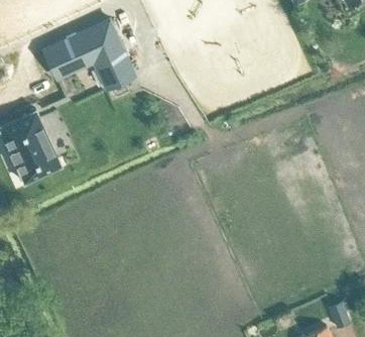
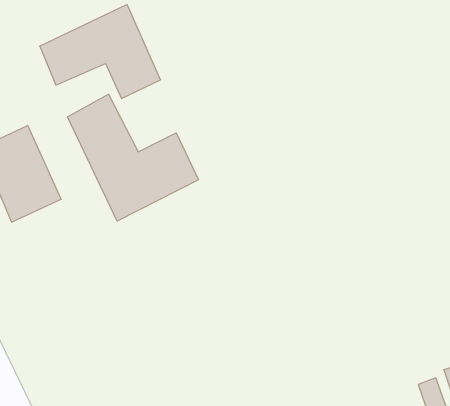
building: none -> [68,94,198,221]

